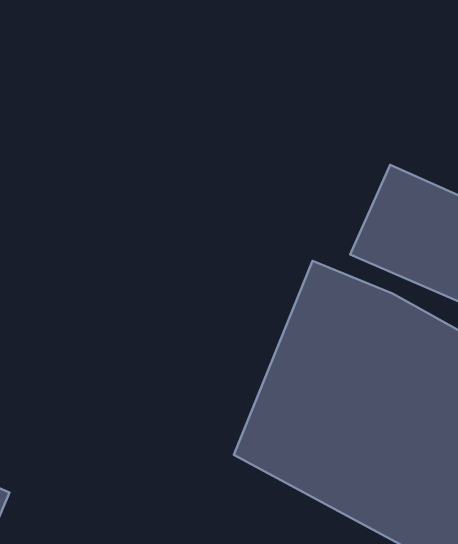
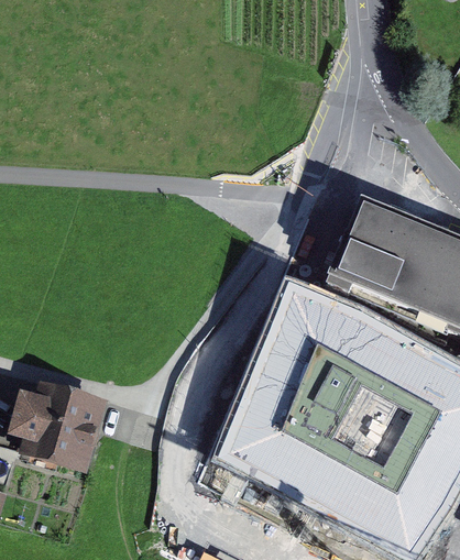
building: none -> [10,377,103,466]

